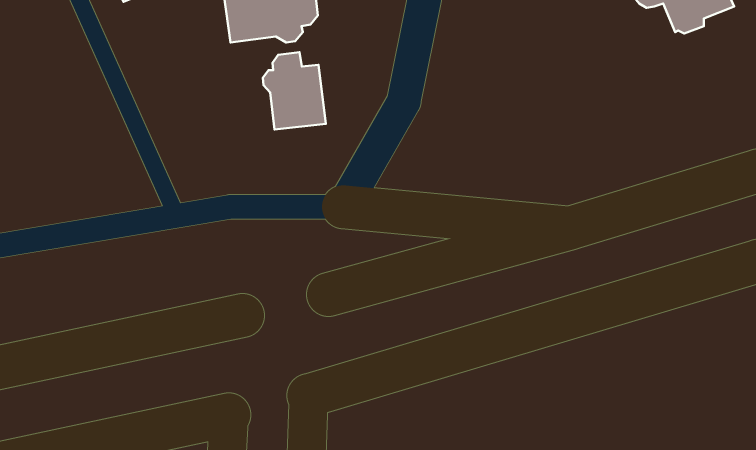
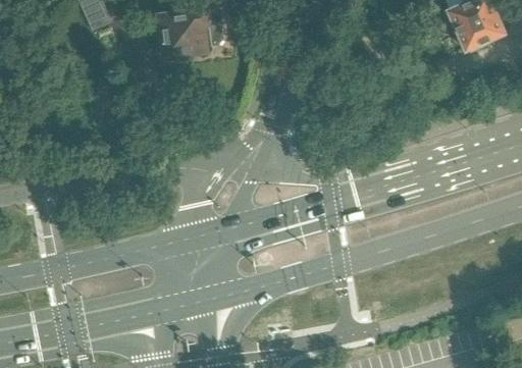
building: [263,52,326,129] -> none

